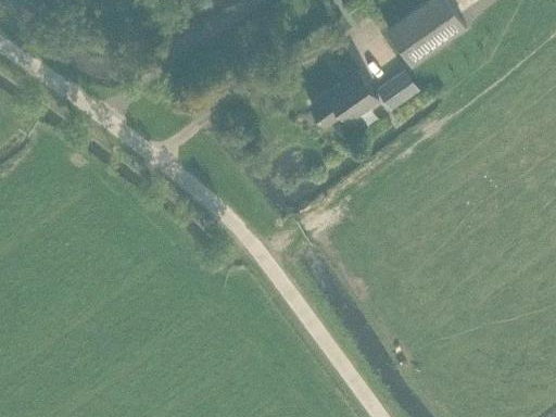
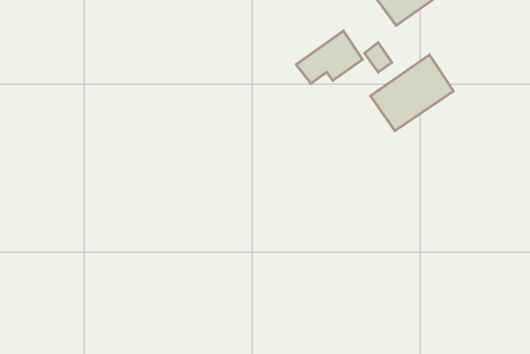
building: none -> [370,55,454,131]

